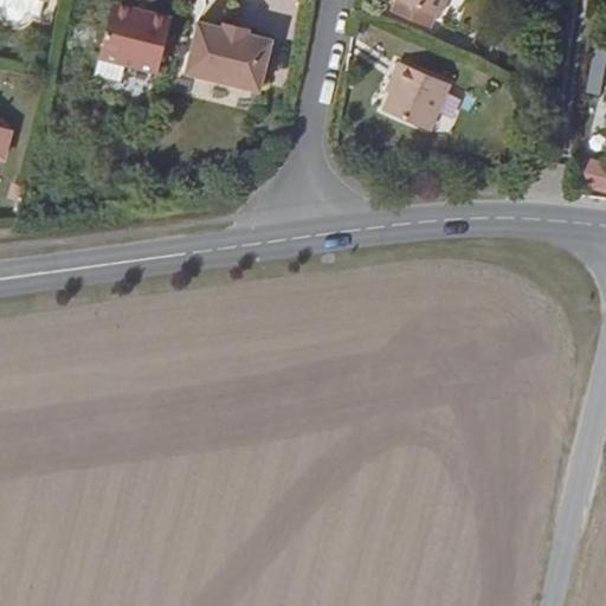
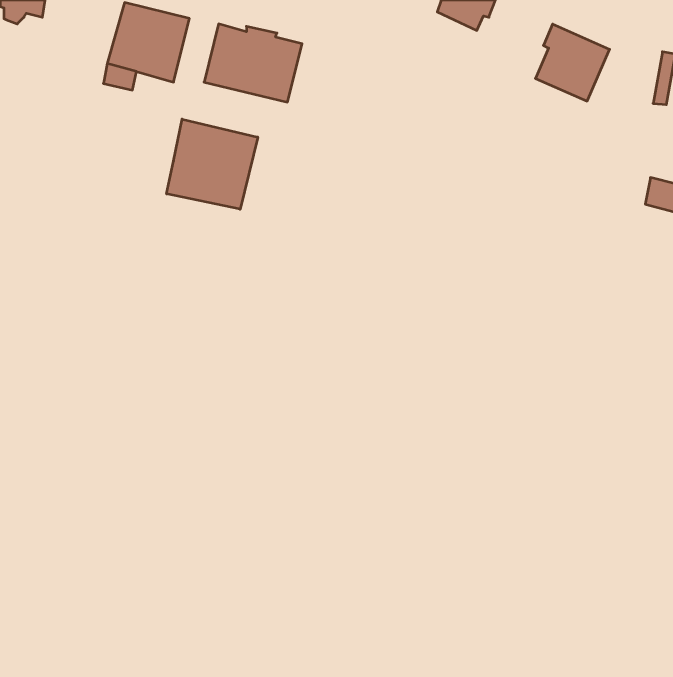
building: [385,62,451,130] -> [535,24,610,101]
building: none -> [167,119,258,209]

